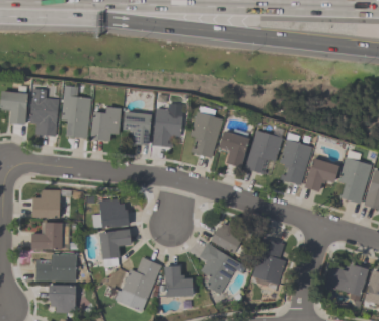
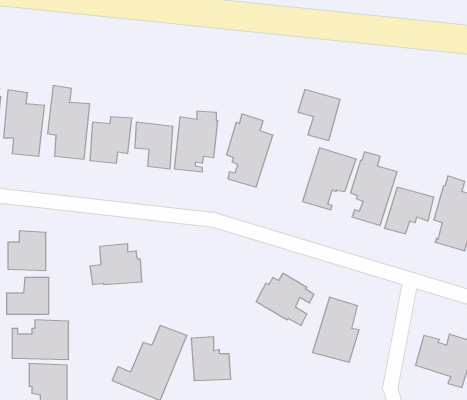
building: [219,131,249,167] -> [298,90,340,140]
building: [99,230,131,267] -> none
building: [199,243,239,295] -> none

